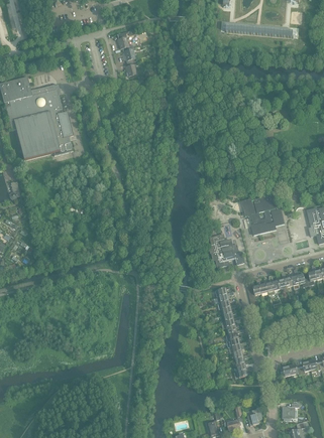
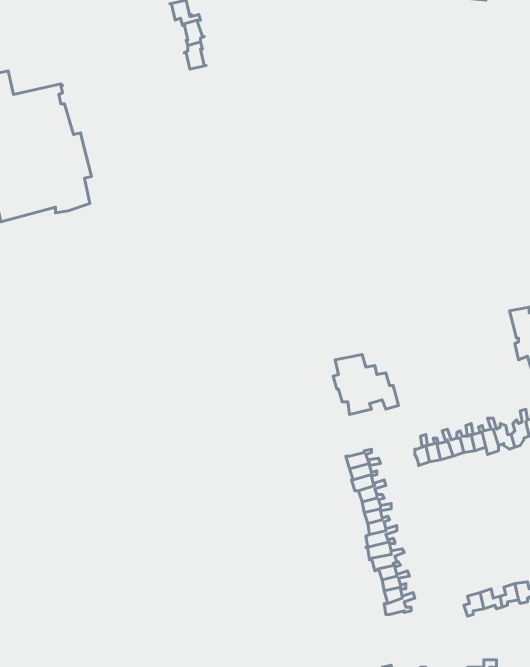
building: [240,194,284,235] -> none

